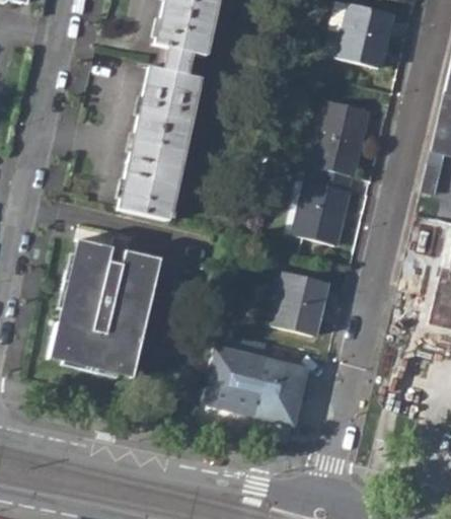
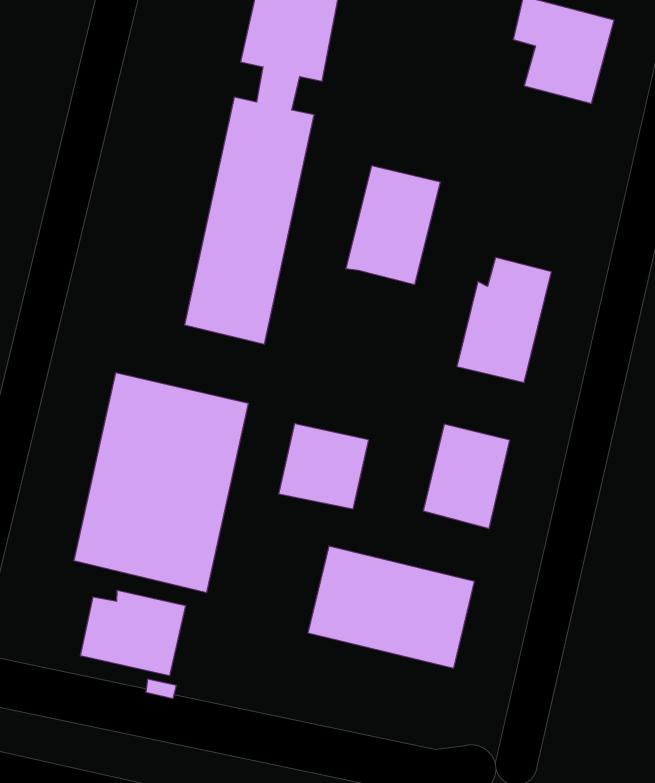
building: [310,99,370,174] -> [346,166,440,285]
building: none -> [279,423,368,509]
building: none -> [80,590,186,676]

